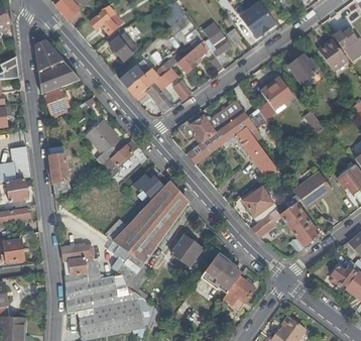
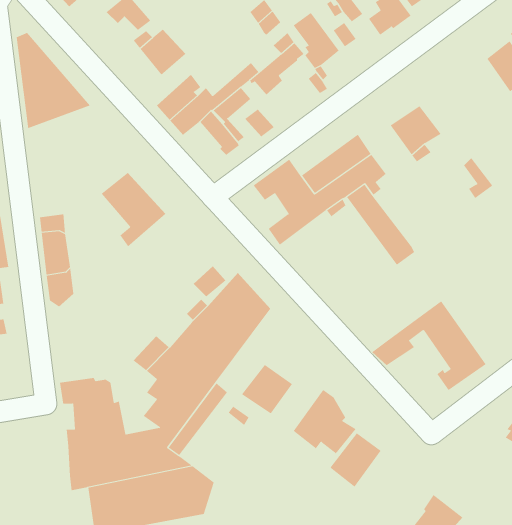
building: [287,54,318,83] -> none
building: [43,87,69,117] -> none
building: [101,138,138,177] -> none
building: [292,170,330,208] -> none
building: [241,186,276,222] -> none

